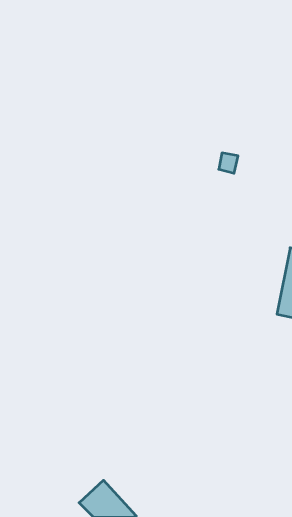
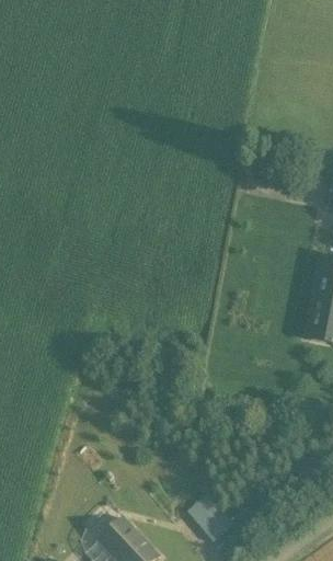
building: none -> [186,491,233,539]

